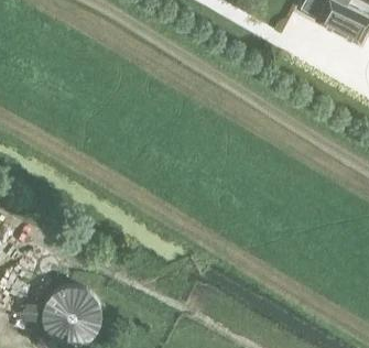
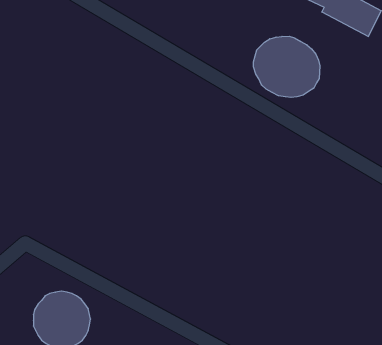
building: none -> [253,36,320,97]

